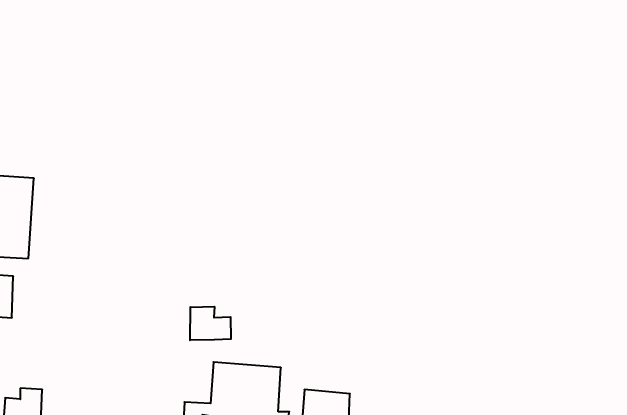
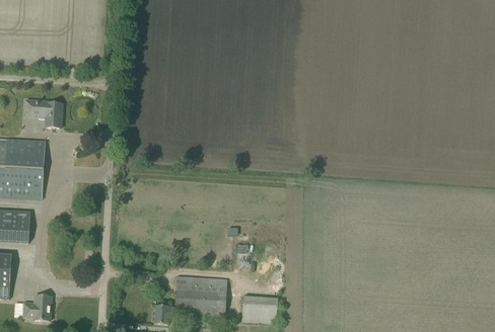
building: none -> [24,99,62,128]
building: [190,307,231,340] -> none

